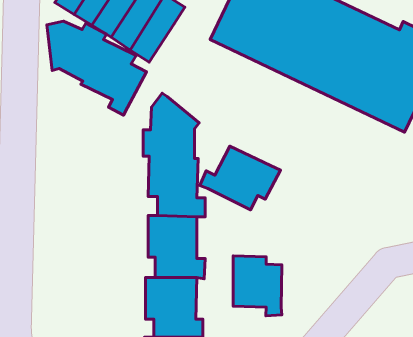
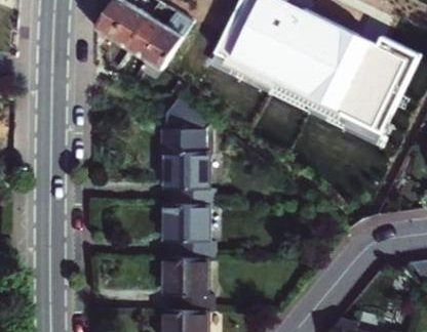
building: [47,21,146,115] -> none
building: [200,146,280,210] -> none
building: [233,256,282,316] -> none

